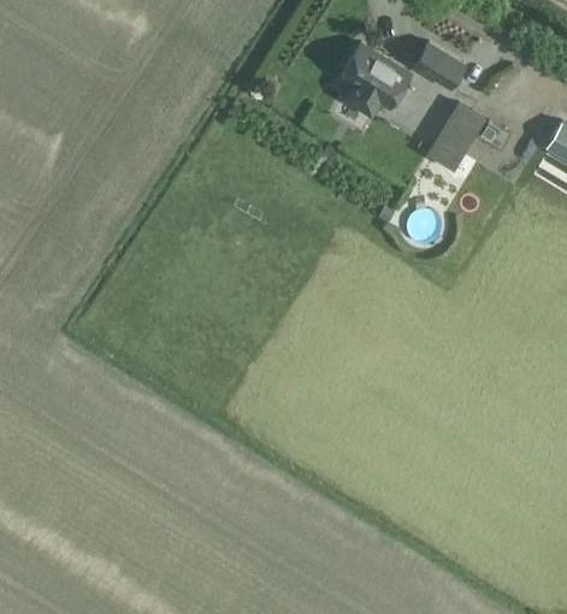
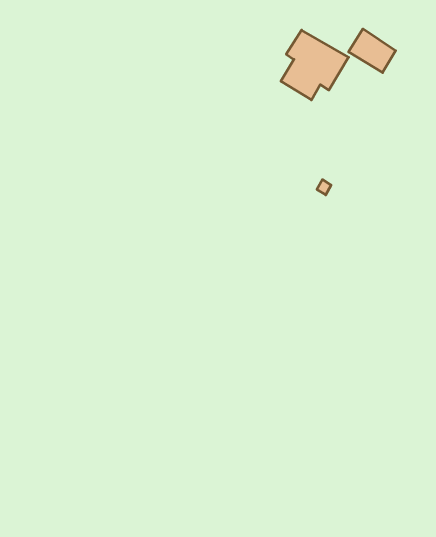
building: [426,102,485,172] -> none

